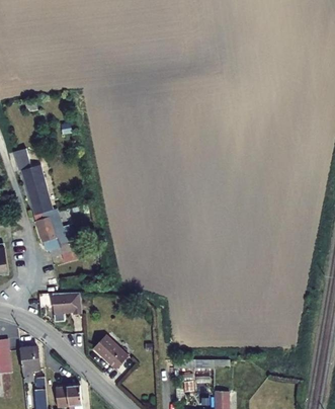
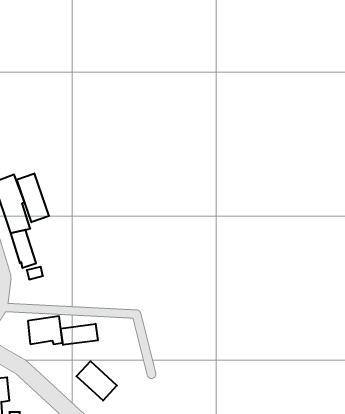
building: none -> [17,173,49,222]
building: none -> [61,324,98,345]

